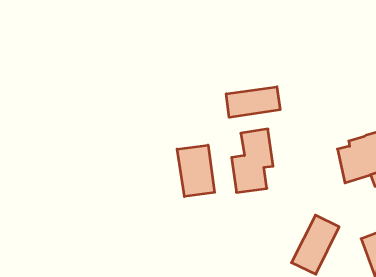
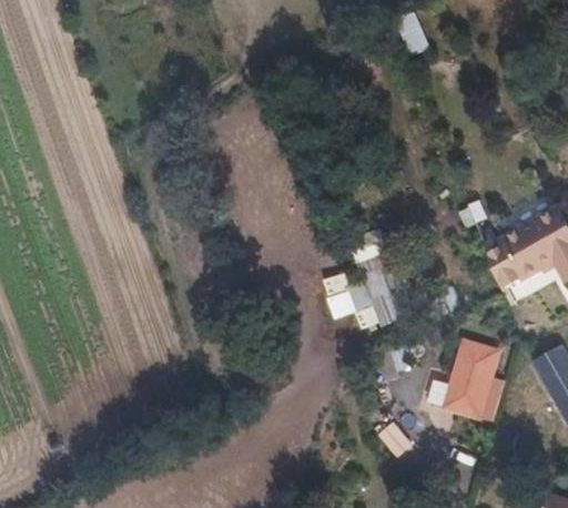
building: [226,87,280,117] -> none
building: [177,145,215,197] -> none

